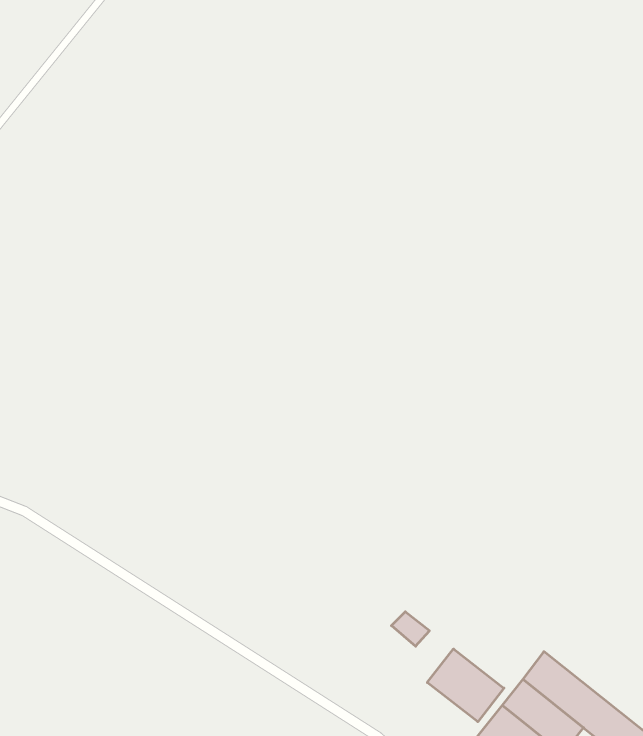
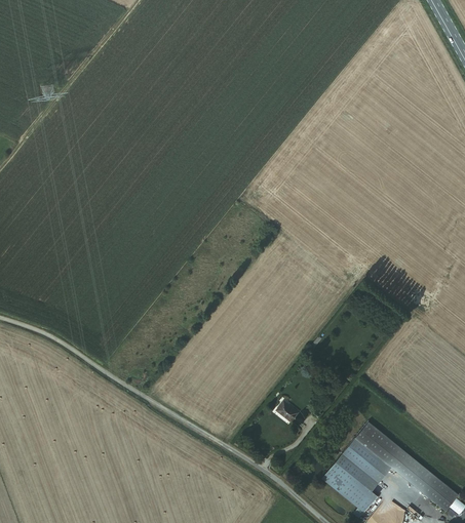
building: [427,649,504,722] -> none

